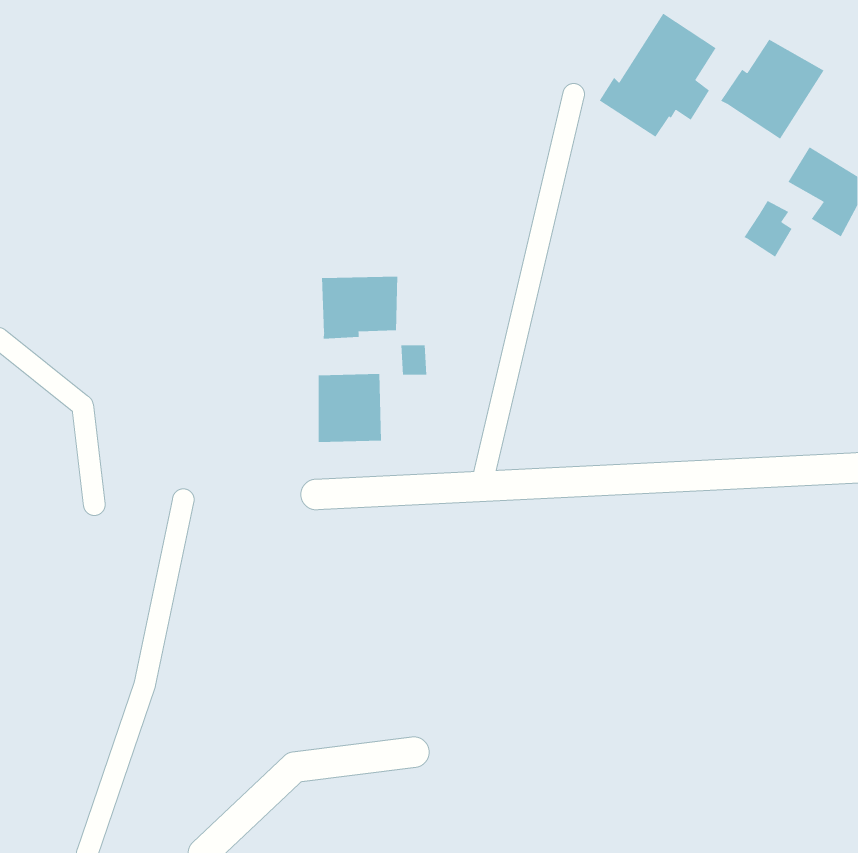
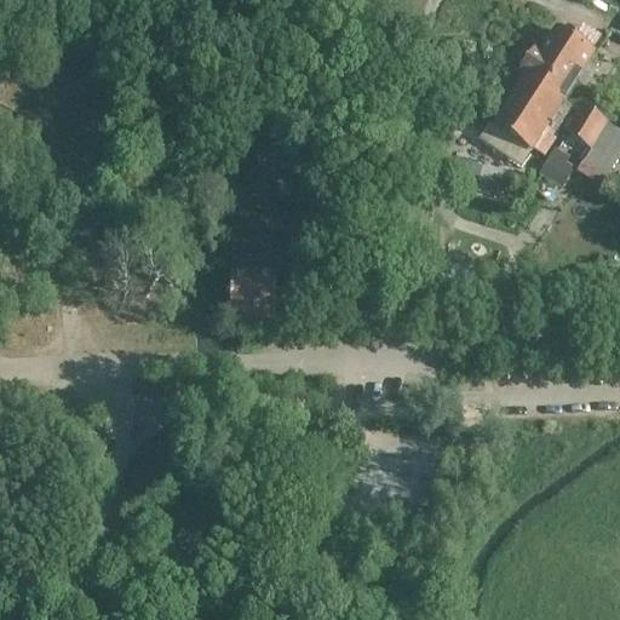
building: [599,13,717,137] -> [477,75,562,165]
building: [322,276,398,339] -> none

